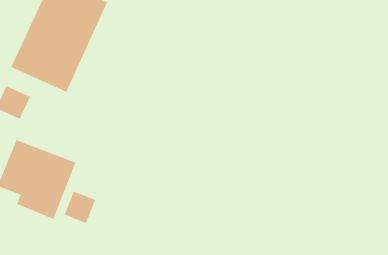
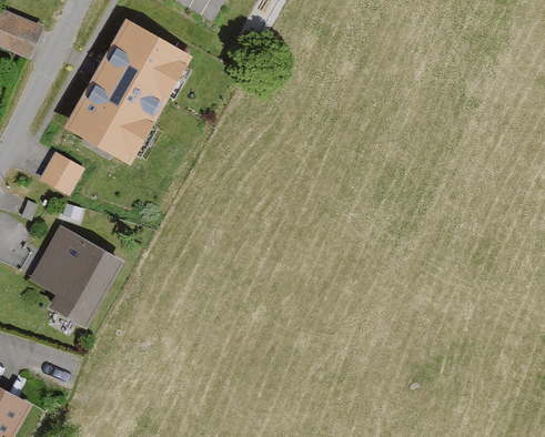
building: [64,191,96,224] -> none

